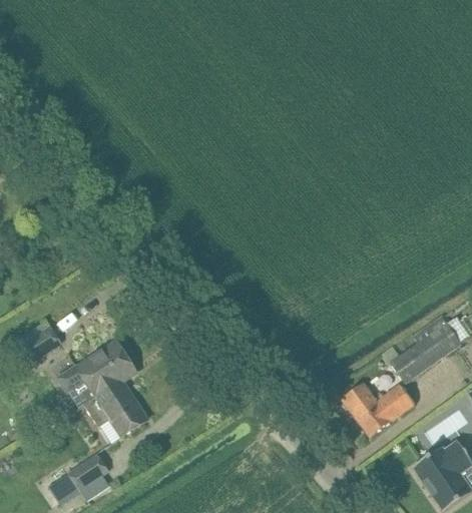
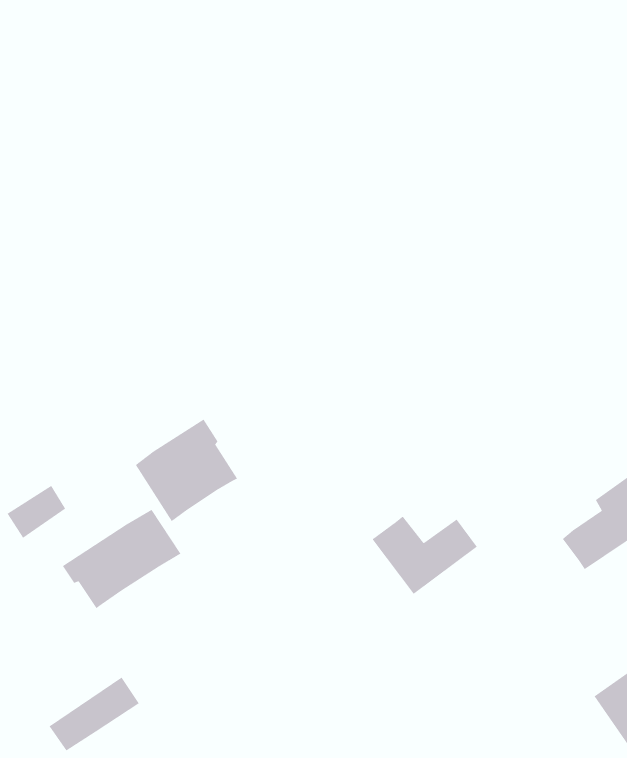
building: none -> [135,418,238,522]
building: [84,380,148,437] -> none
building: [343,382,414,435] -> [371,515,478,595]

